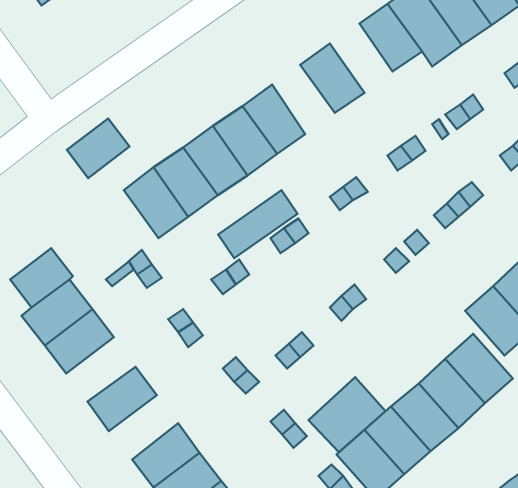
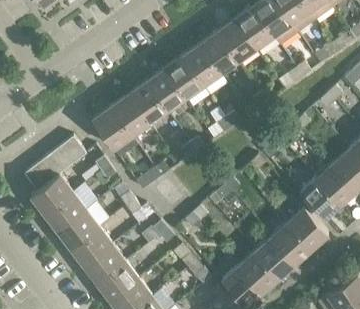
building: none -> [217,19,255,61]
building: none -> [182,44,220,86]
building: [67,119,130,178] -> [48,136,86,172]
building: [218,190,298,258] -> none
building: none -> [57,209,99,248]
building: [308,377,385,452] -> none
building: none -> [83,244,125,283]

